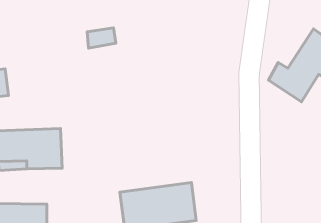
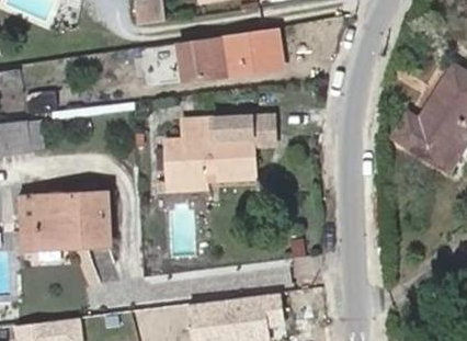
building: none -> [179,30,281,83]
building: none -> [169,117,281,190]

